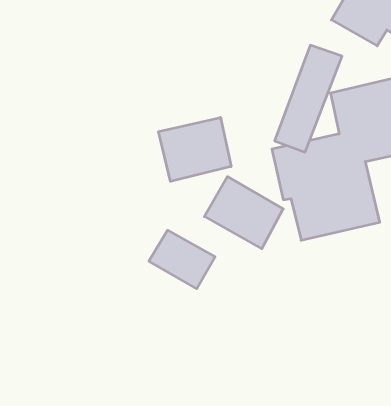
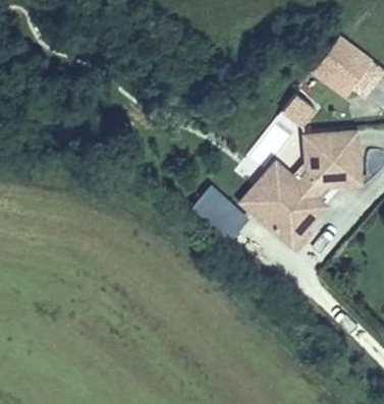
building: [159,117,231,181] -> none
building: [149,230,215,289] -> none

